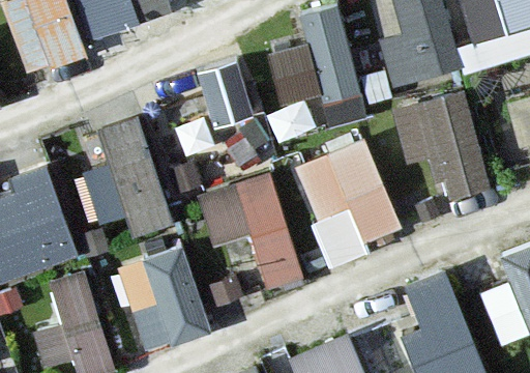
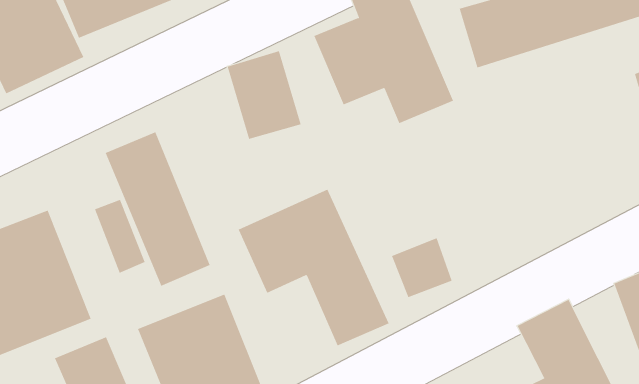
building: [388,89,491,200] -> none
building: [291,140,399,245] -> none

